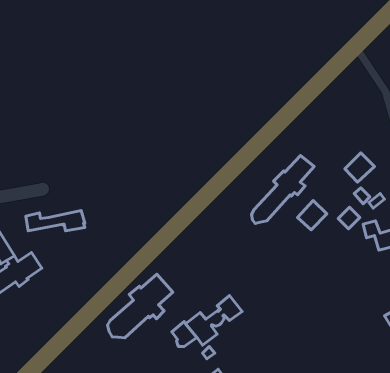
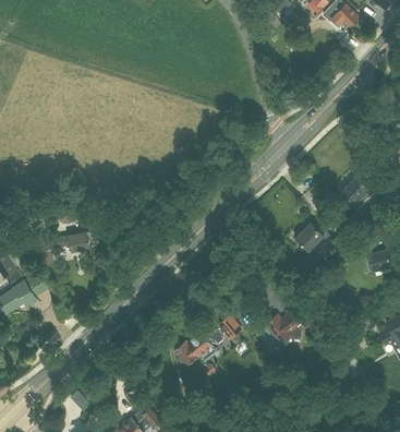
building: [252,155,314,224] -> none
building: [108,274,173,338] -> none
building: none -> [266,310,315,343]

